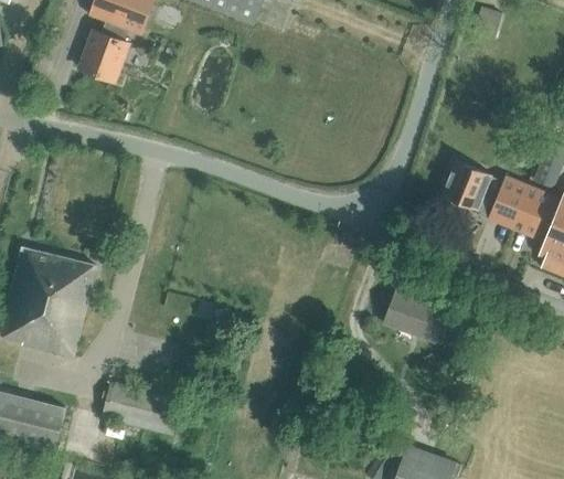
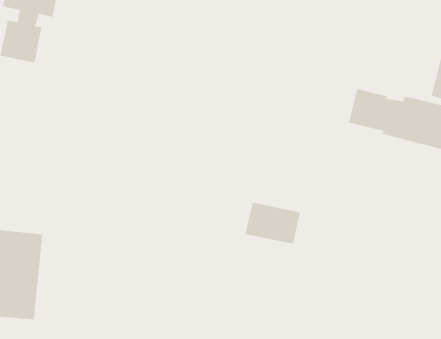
building: [384,289,448,341] -> [244,202,301,244]

